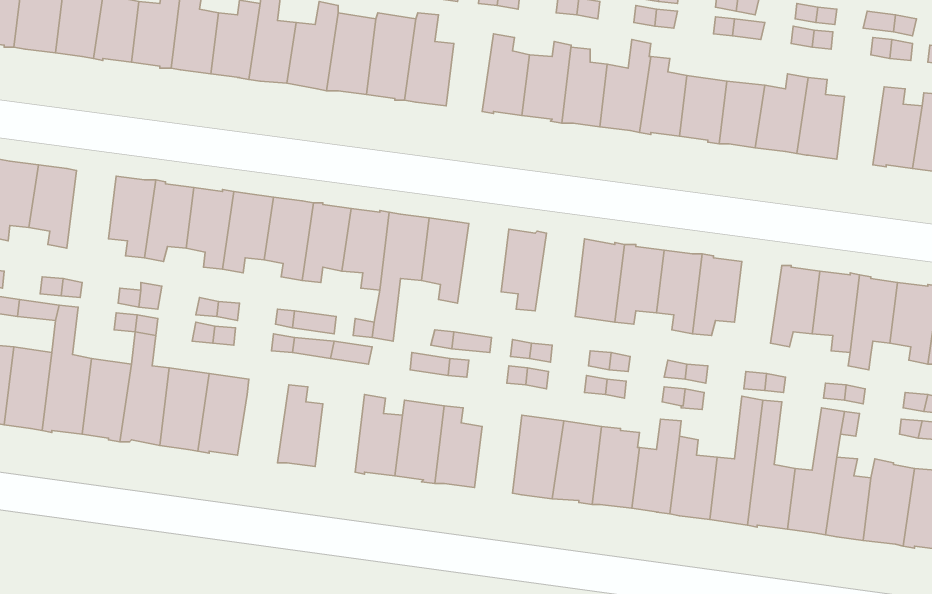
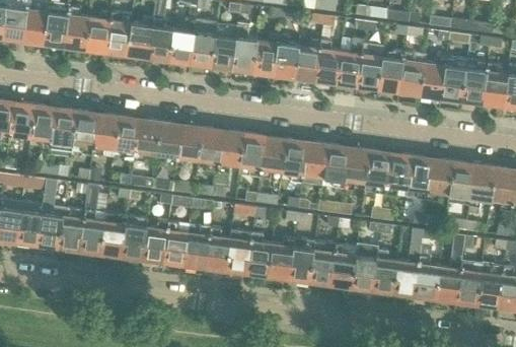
building: none -> [252,32,278,75]
building: none -> [461,61,487,103]
building: none -> [50,107,76,151]
building: none -> [259,135,286,179]
building: none -> [300,140,326,184]
building: none -> [406,155,432,199]
building: none -> [141,219,168,263]
building: none -> [182,225,209,268]
building: none -> [268,236,293,279]

